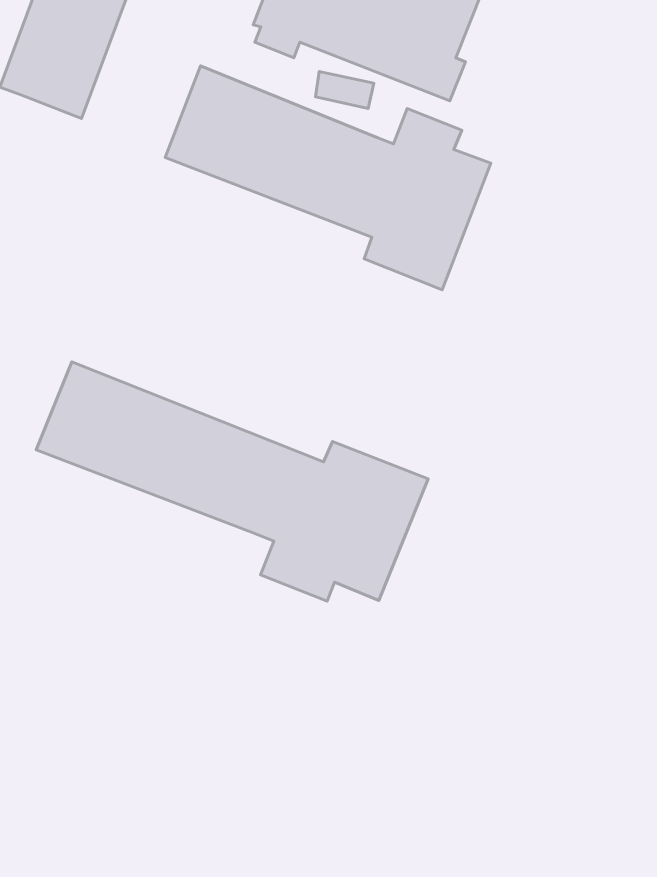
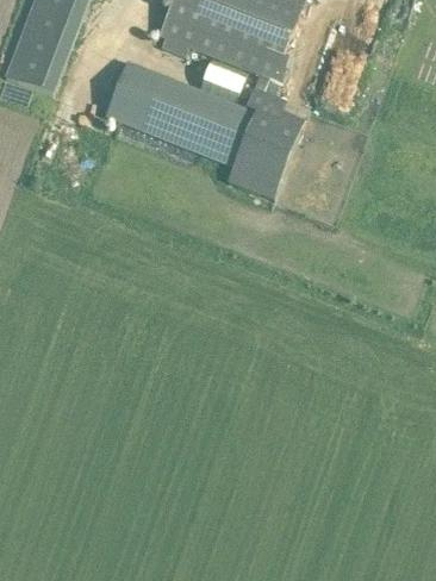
building: [36,362,428,601] -> none

